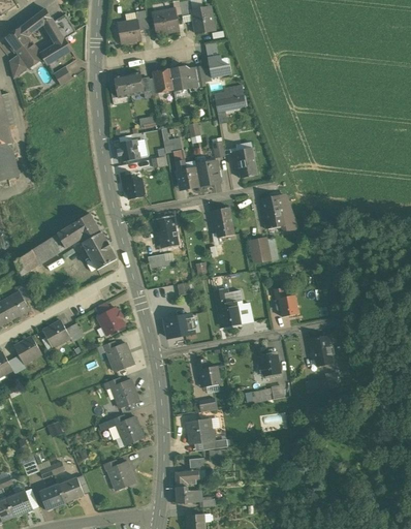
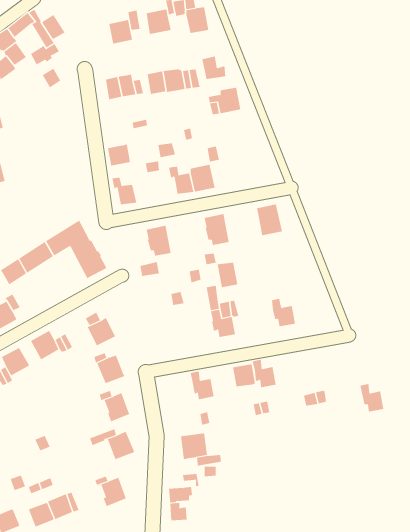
building: [232,149,257,178] -> none
building: [250,239,271,263] -> [217,262,238,288]
building: [162,315,194,338] -> none
building: [309,338,333,366] -> [360,383,384,412]
building: none -> [233,364,255,387]

